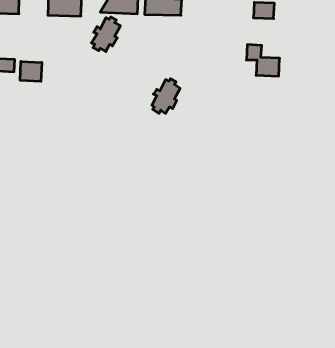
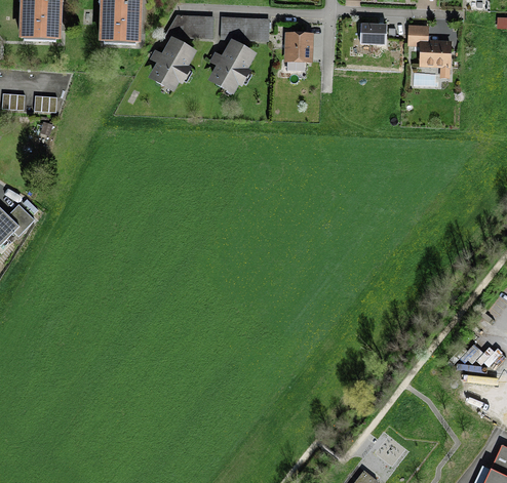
building: none -> [285,34,309,69]
building: [246,45,280,76] -> [407,25,450,65]
building: [20,61,42,81] -> none
building: [152,79,180,113] -> [213,43,249,87]

